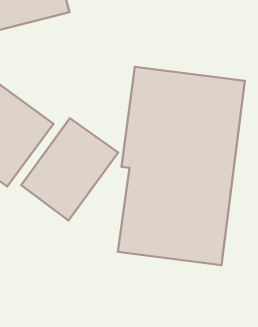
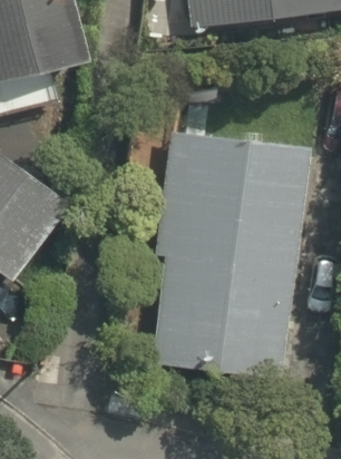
building: [21,118,118,221] -> none

